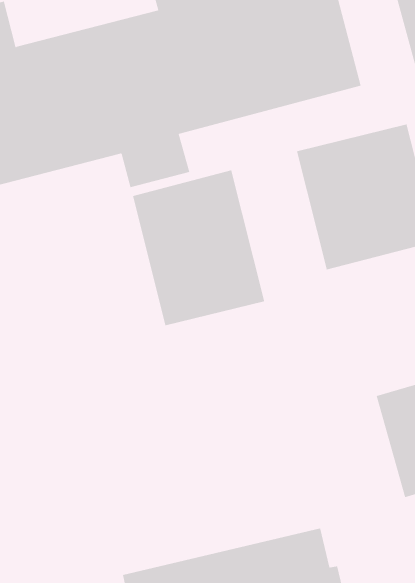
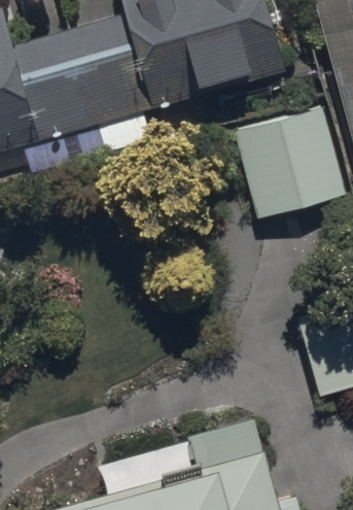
building: [132,170,265,326] -> none

